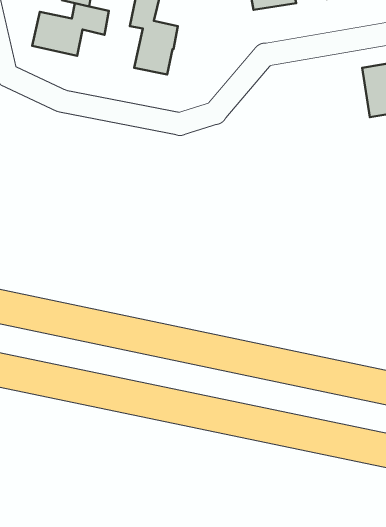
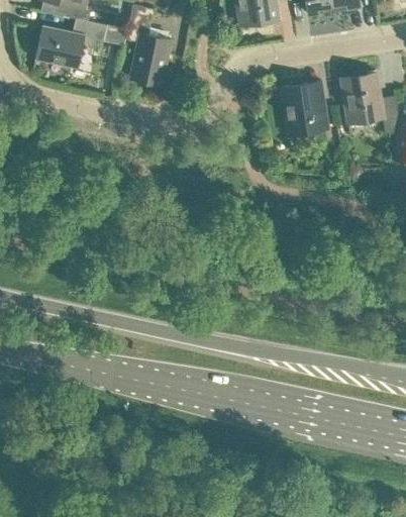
building: none -> [281,81,328,134]

